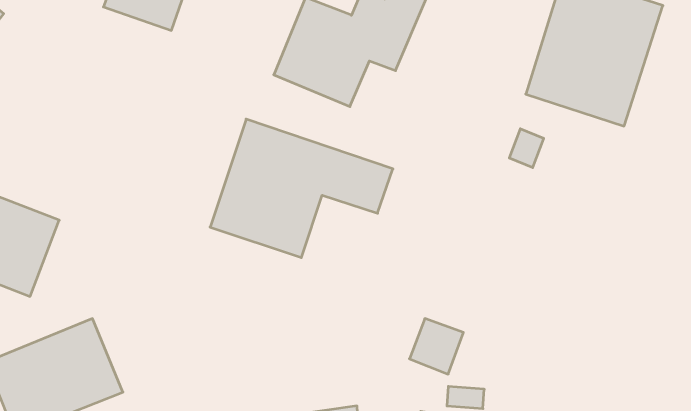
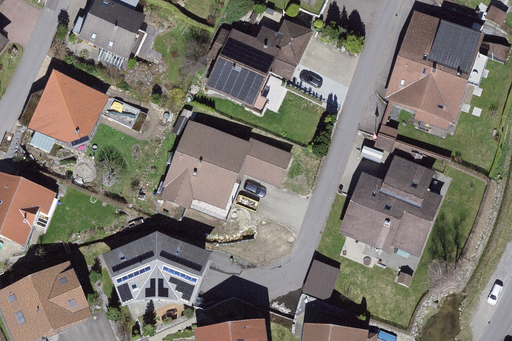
building: none -> [25,74,104,153]
building: none -> [338,157,440,260]
building: none -> [98,235,209,307]

